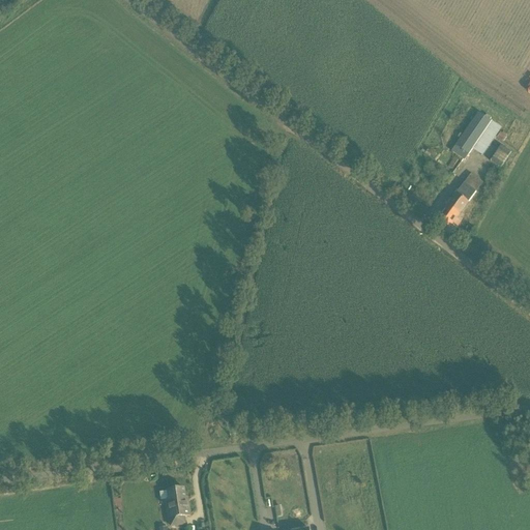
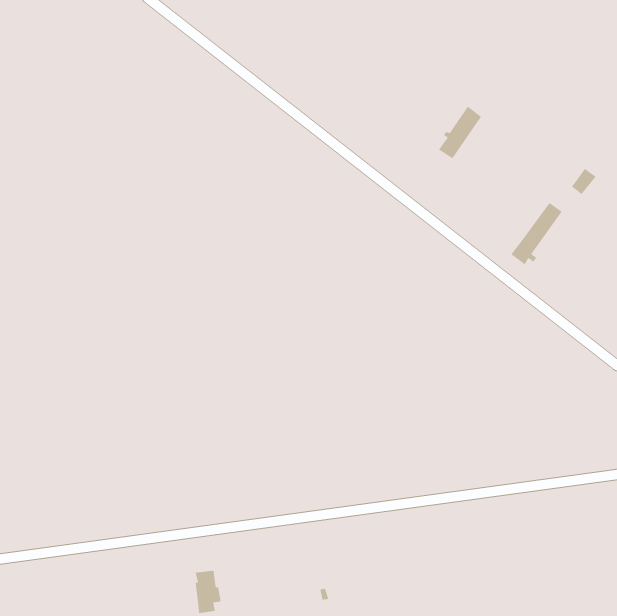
building: [452,111,490,156] -> [438,106,482,159]

